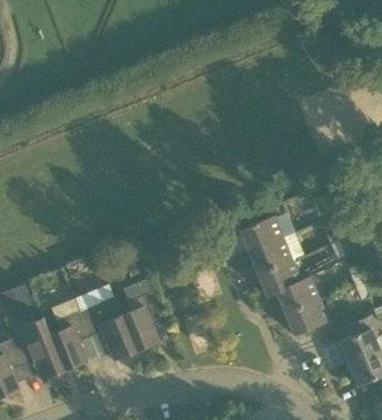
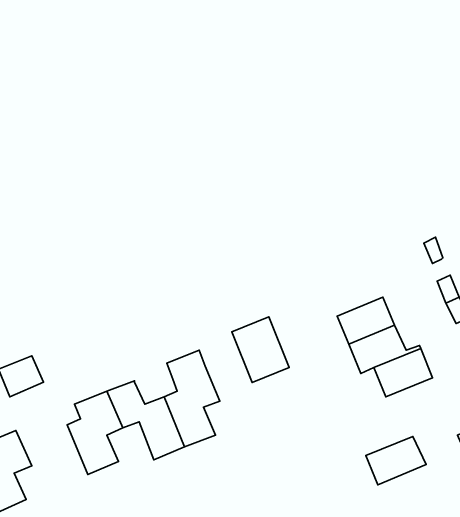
building: [241,216,284,254] -> none
building: none -> [232,317,289,382]
building: [286,300,331,335] -> [366,437,426,485]
building: [13,319,66,380] -> none

